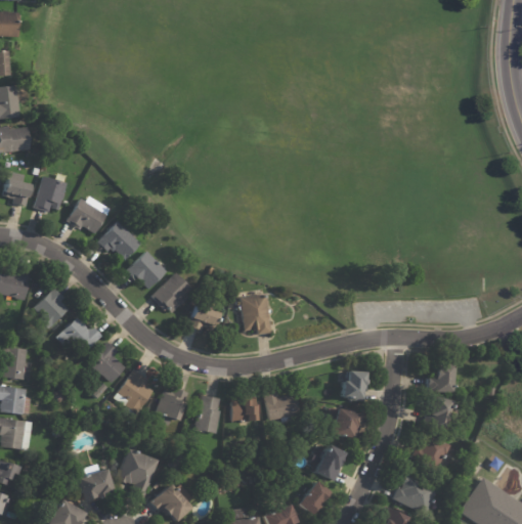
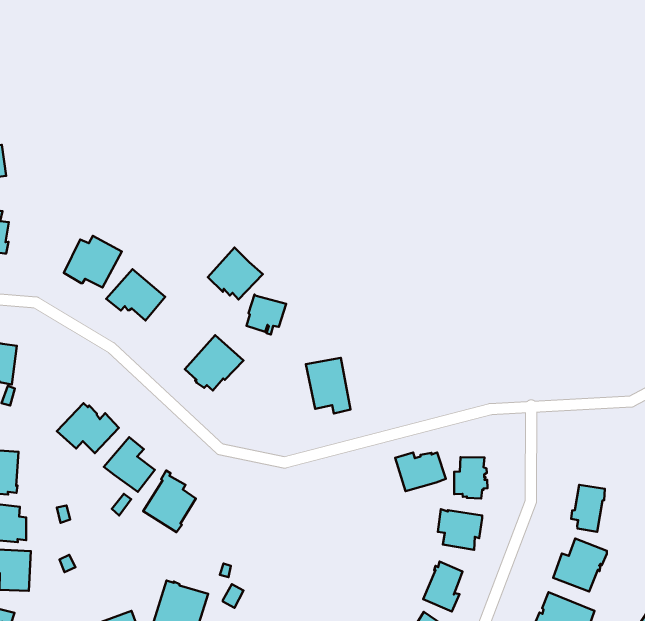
building: [34,175,67,212] -> none
building: [126,251,166,289] -> [208,247,263,299]
building: [33,288,68,330] -> none
building: [189,304,219,334] -> [246,294,286,334]
building: [427,361,452,391] -> none
building: [156,388,189,426] -> none
building: [263,392,299,420] -> [395,453,446,491]
building: [194,395,219,433] -> none
building: [231,397,256,423] -> none

